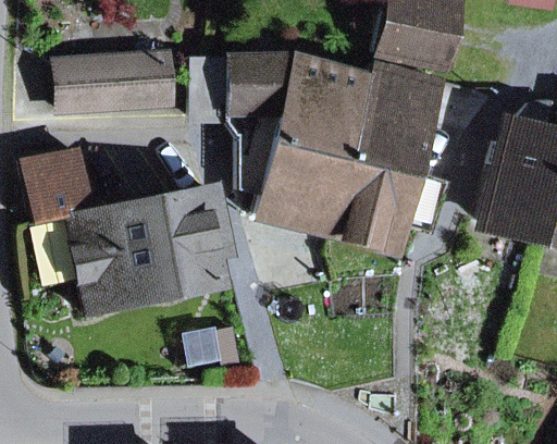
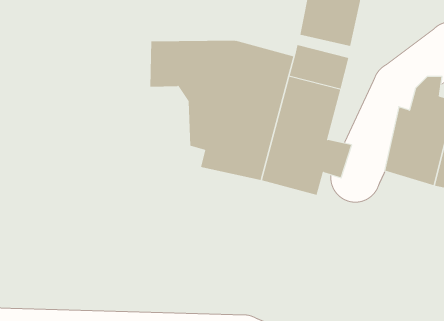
building: [59,59,171,109] -> none
building: [24,152,214,311] -> none

